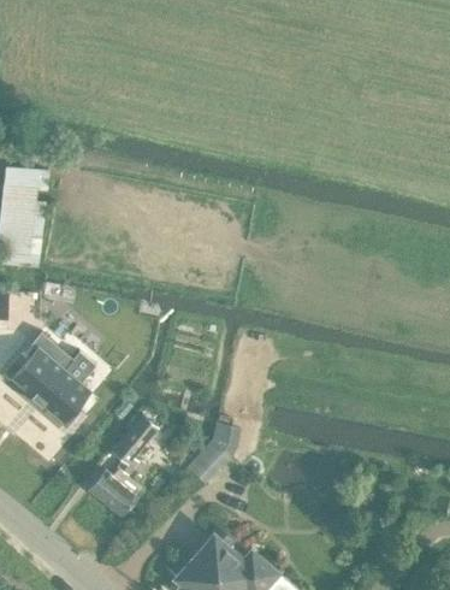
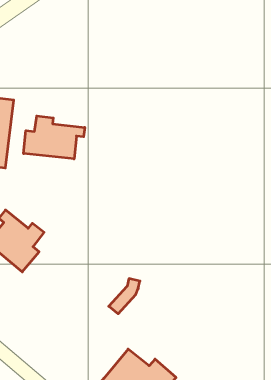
building: none -> [24,116,85,159]
building: [88,415,159,518] -> none

